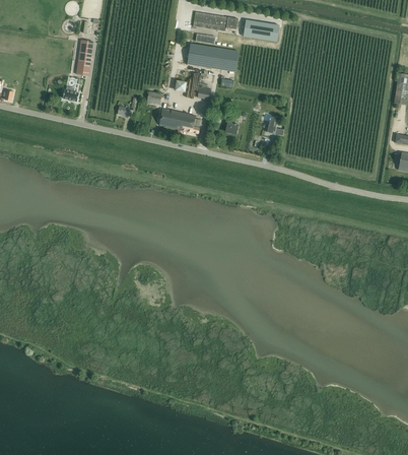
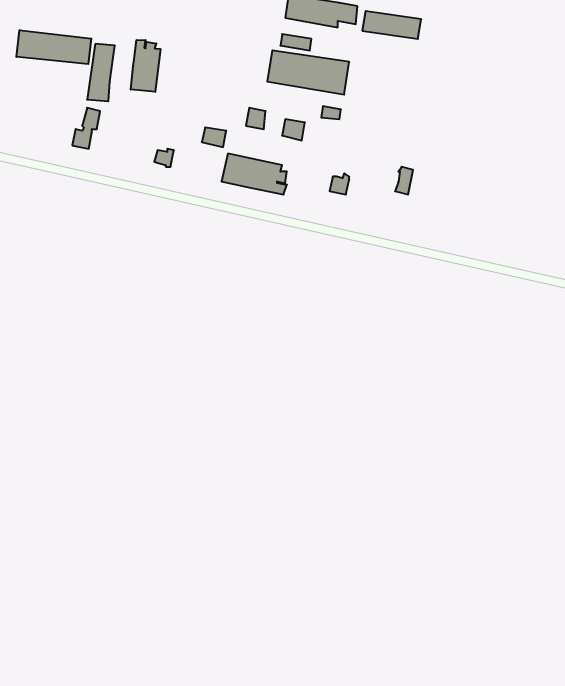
building: none -> [16,30,91,64]
building: none -> [131,40,160,92]

